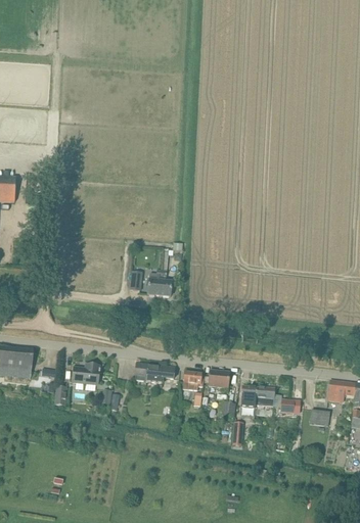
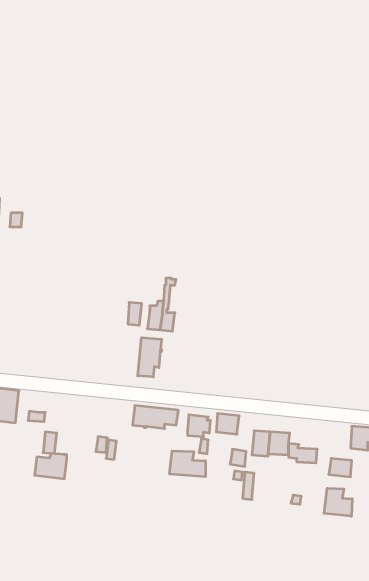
building: none -> [138,338,162,377]
building: [71,364,99,386] -> [35,453,67,479]
building: none -> [170,451,205,477]
building: none -> [324,488,352,516]

